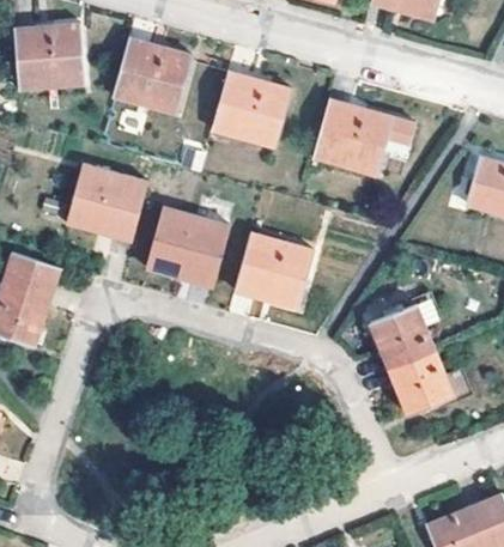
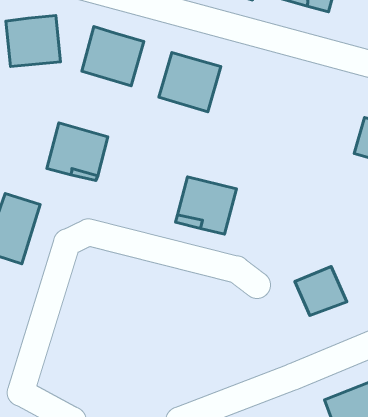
building: [312,99,415,182] -> none
building: [146,207,226,281] -> none
building: [369,303,435,367] -> none

